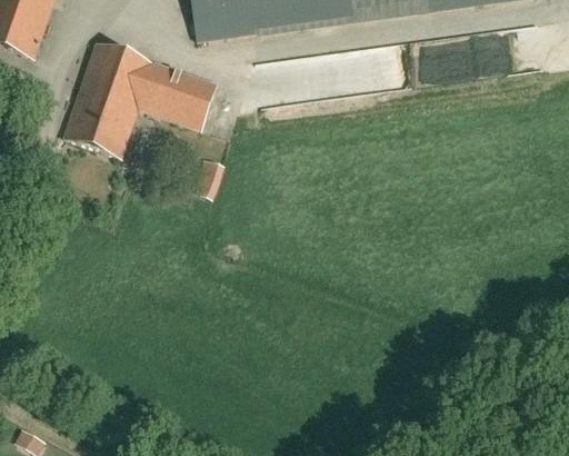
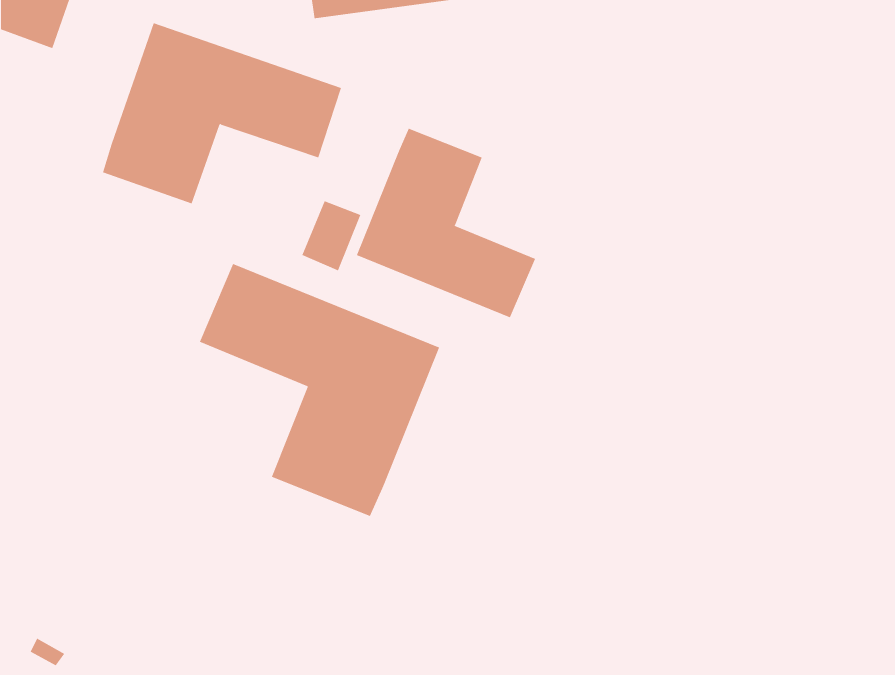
building: none -> [356,128,536,318]
building: none -> [199,263,440,517]

